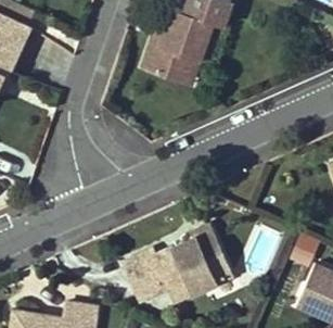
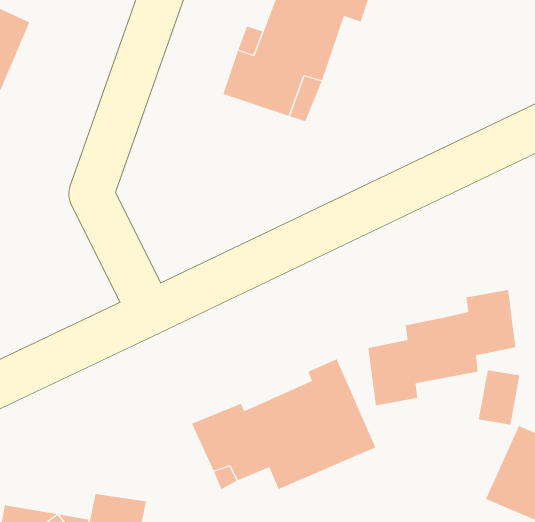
building: none -> [368,289,516,406]

